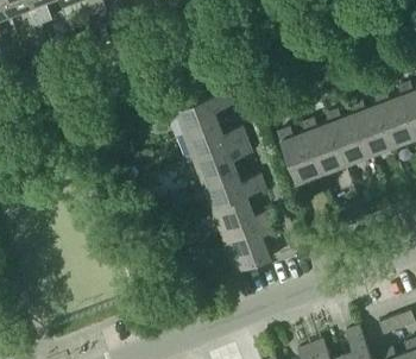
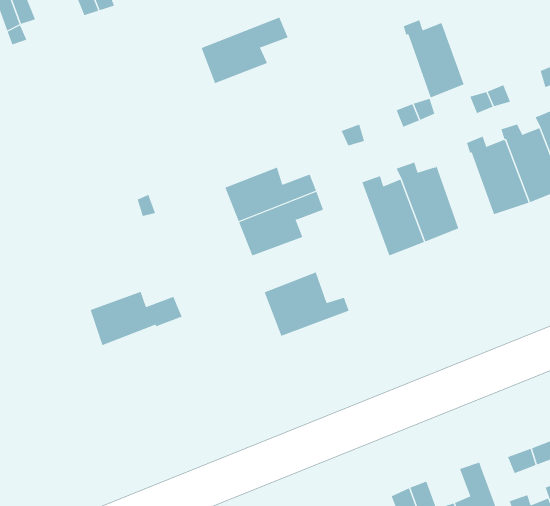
building: [174,90,234,137] -> [201,17,288,84]
building: [327,111,370,165] -> [403,19,464,98]
building: [202,171,266,209] -> [90,291,182,346]
building: [222,222,273,273] -> none

